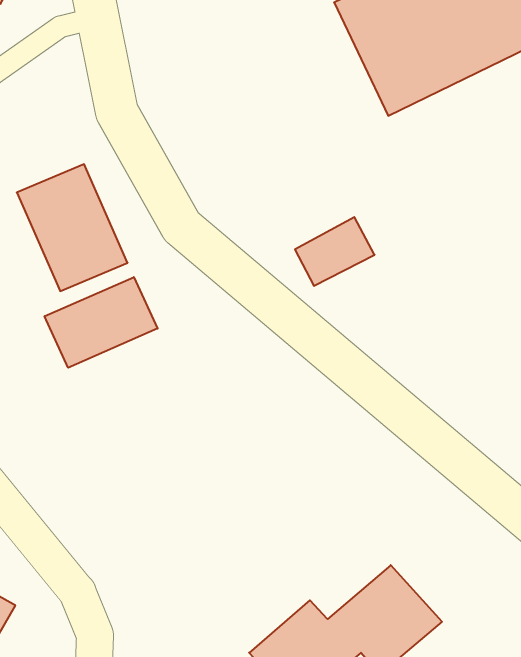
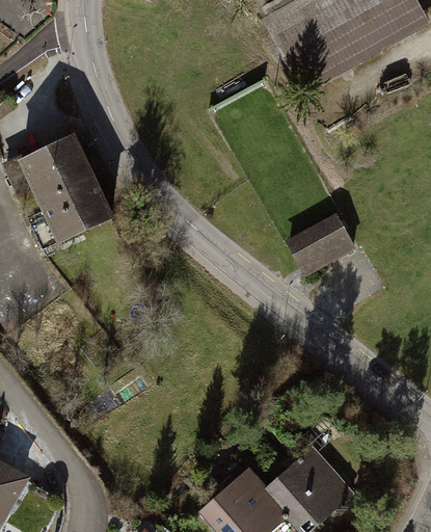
building: [295,217,375,286] -> [289,212,350,265]
building: [45,277,158,368] -> none

